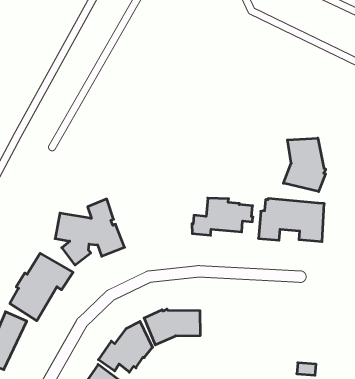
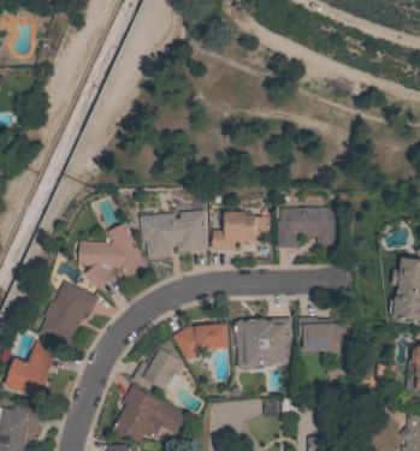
building: [283,138,326,192] -> none
building: none -> [138,209,207,259]
building: none -> [235,318,291,368]
building: none -> [297,316,345,361]

